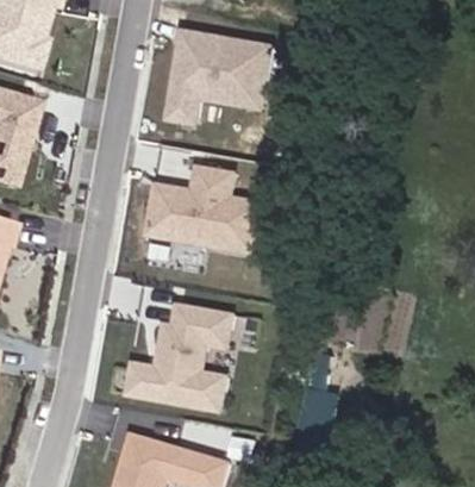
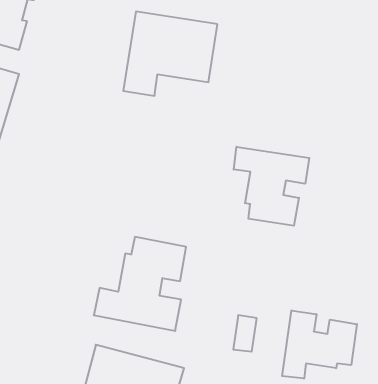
building: [142,163,256,257] -> none
building: none -> [234,147,309,226]
building: none -> [282,310,357,379]

